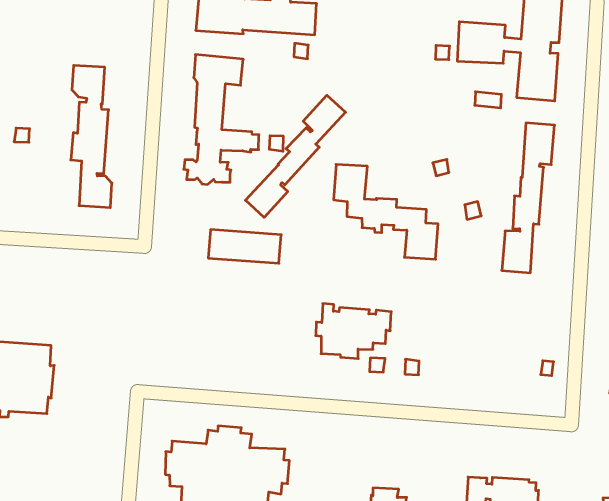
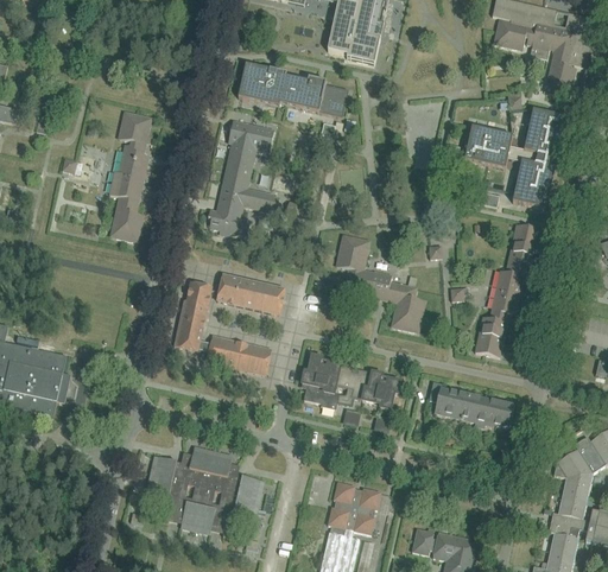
building: [245,95,346,217] -> none
building: none -> [175,281,272,374]
building: none -> [429,381,514,427]
building: none -> [362,371,400,408]
building: none -> [328,482,381,534]

